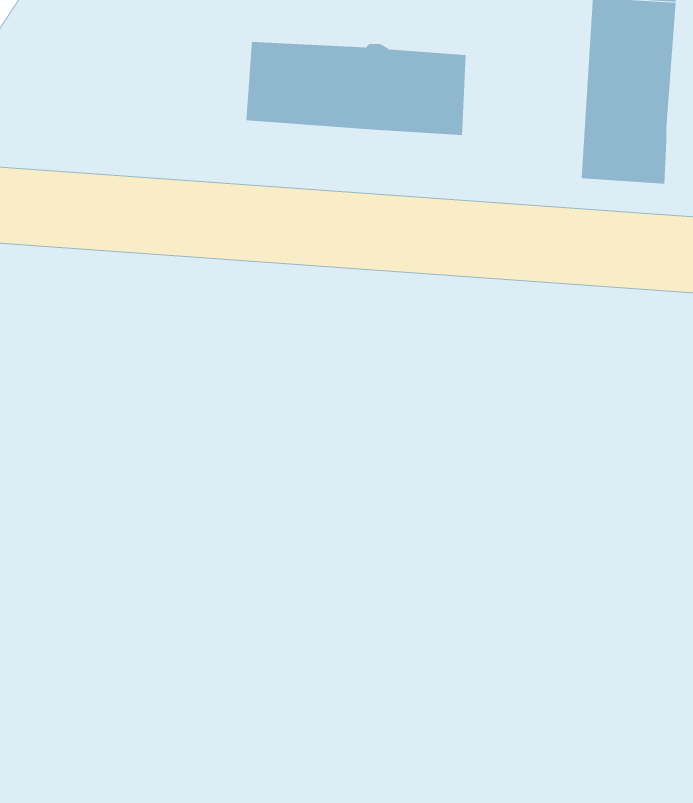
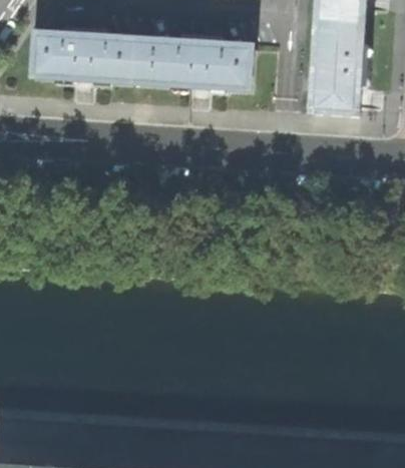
building: none -> [31,31,135,80]

